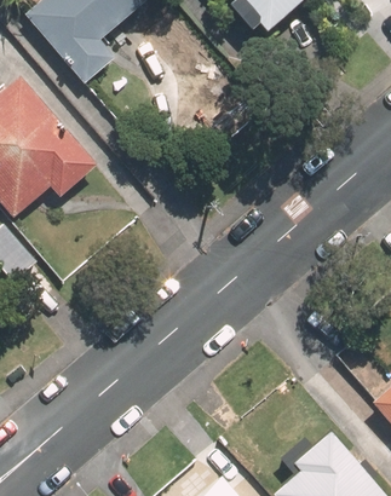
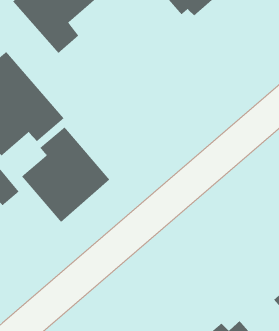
building: none -> [21,126,110,223]

